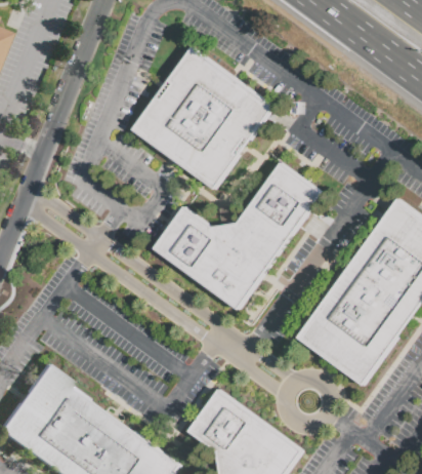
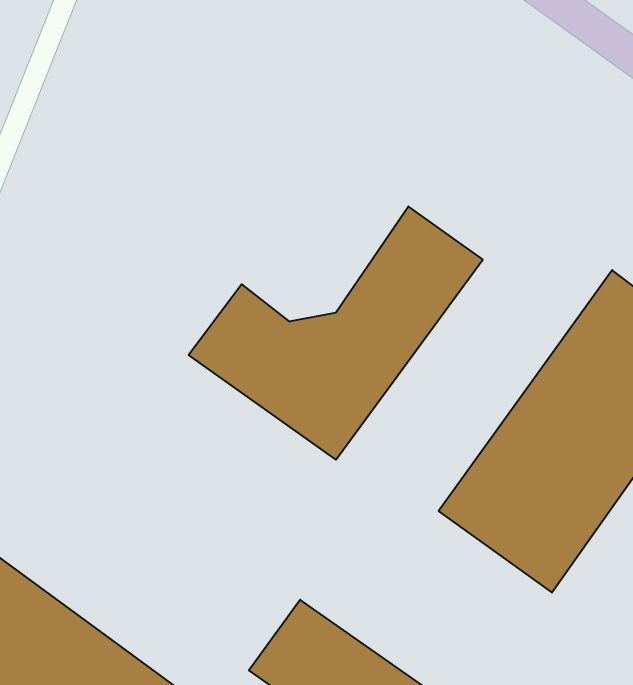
building: [132,47,273,189] -> none

